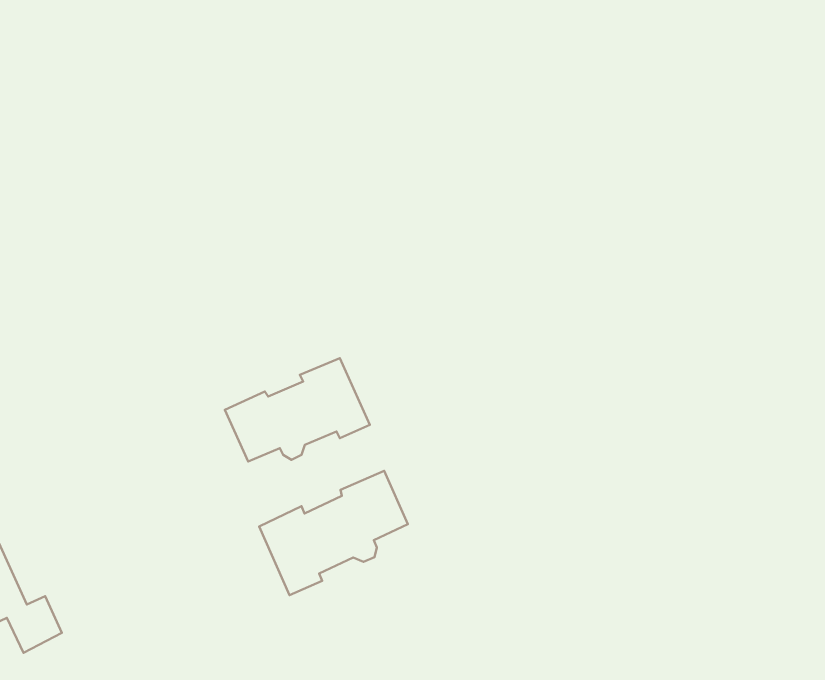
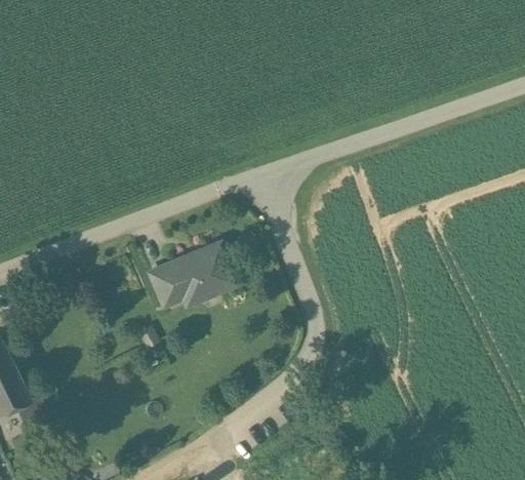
building: [259,471,408,595] -> none

